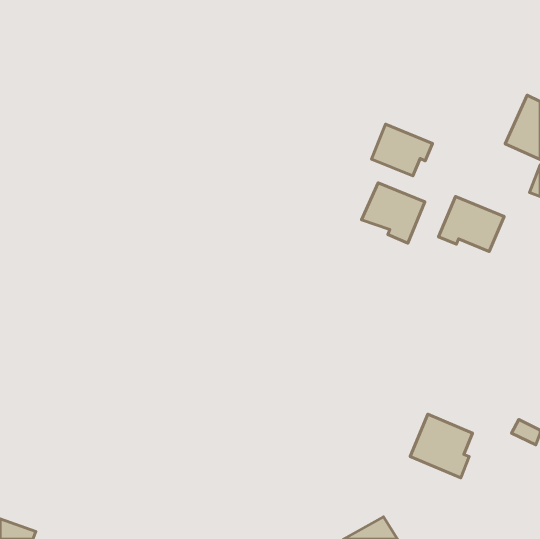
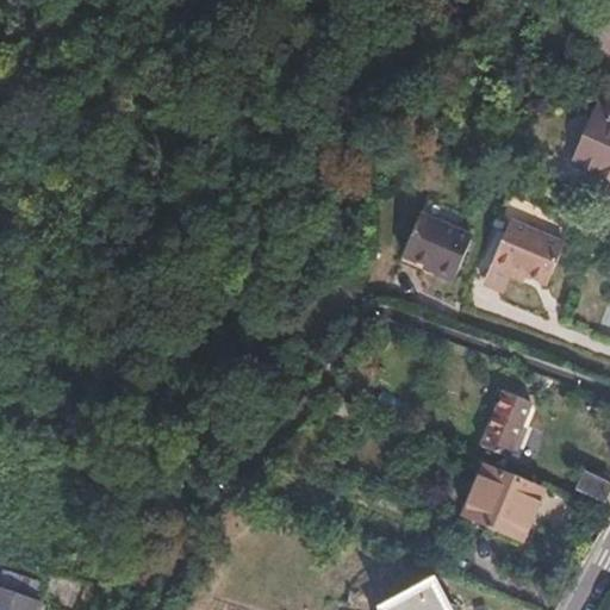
building: [371,124,432,176] -> none
building: none -> [478,388,529,455]

